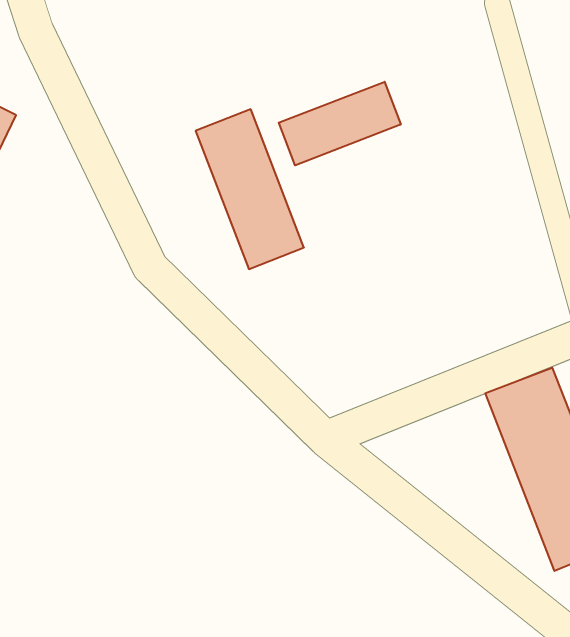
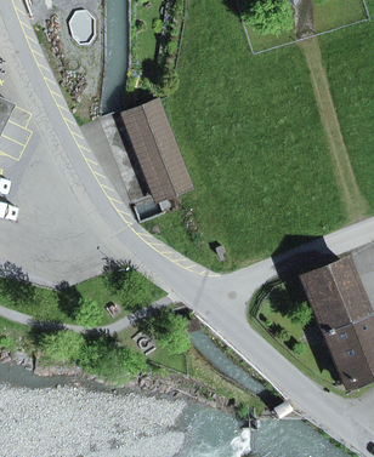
building: [279,82,401,165] -> none

